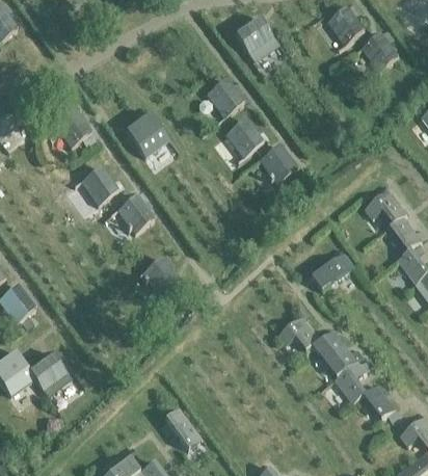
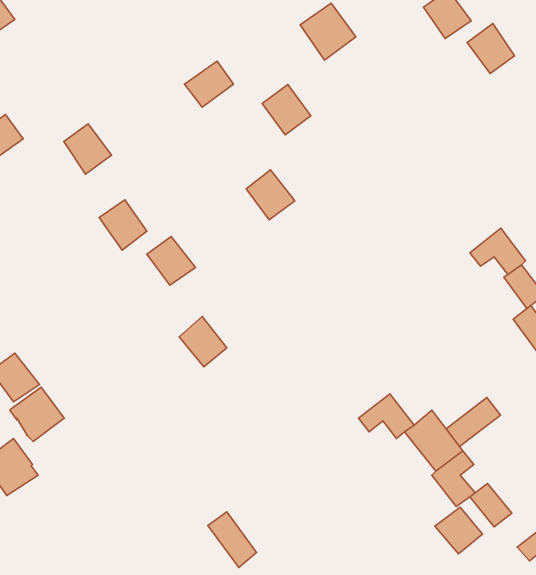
building: [125,112,162,148] -> [185,61,233,107]
building: [224,117,262,156] -> [246,170,295,220]
building: [259,144,295,183] -> none
building: [313,252,354,289] -> [446,398,500,446]
building: [28,353,70,395] -> [10,387,64,441]
building: none -> [435,507,483,554]

